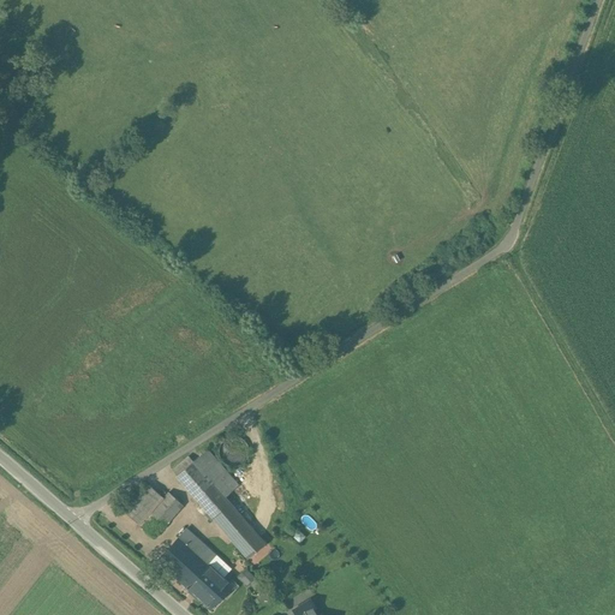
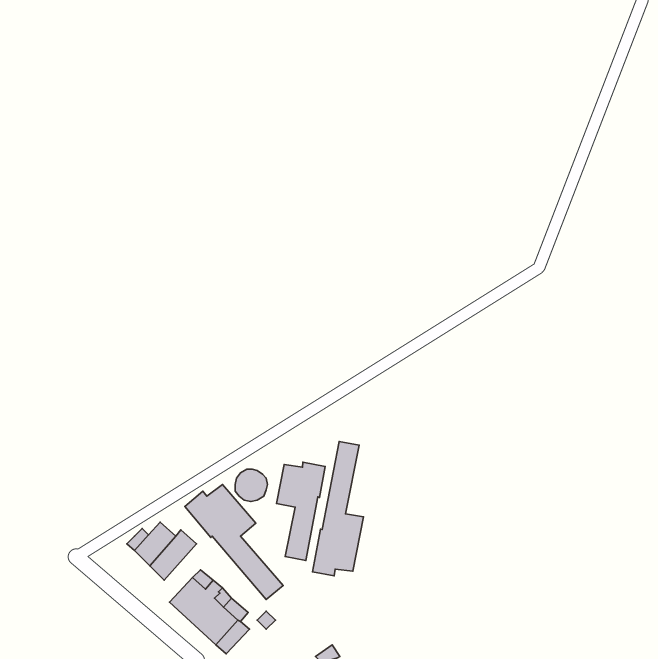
building: none -> [313,441,364,576]
building: none -> [276,462,325,560]

